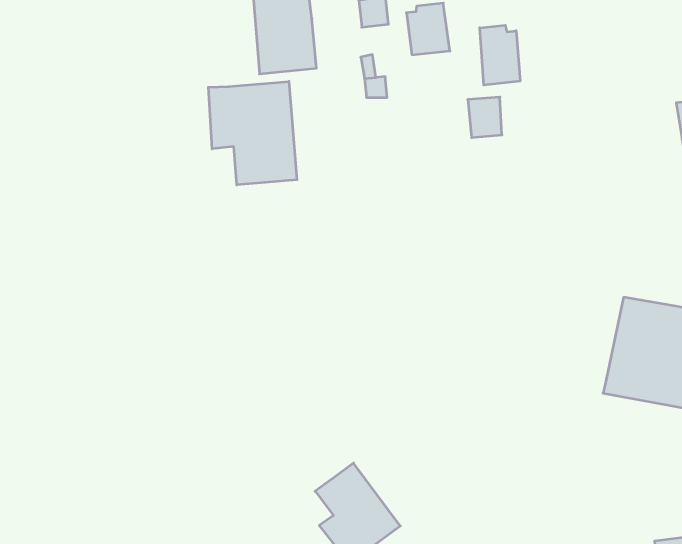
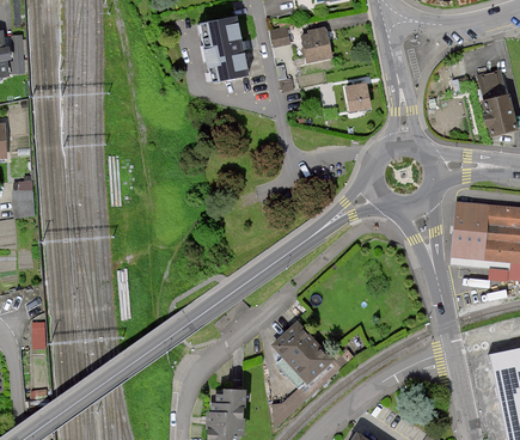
building: [480,25,520,85] -> none
building: [208,81,297,185] -> none

